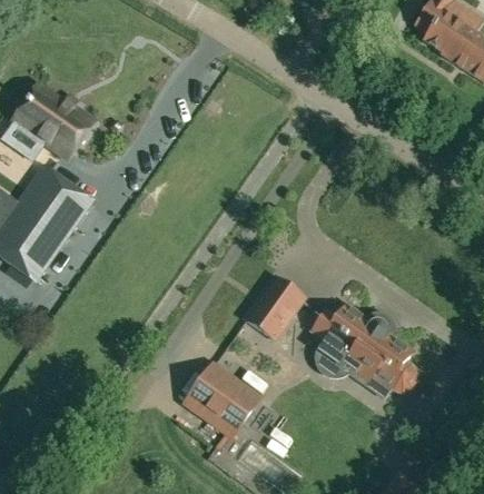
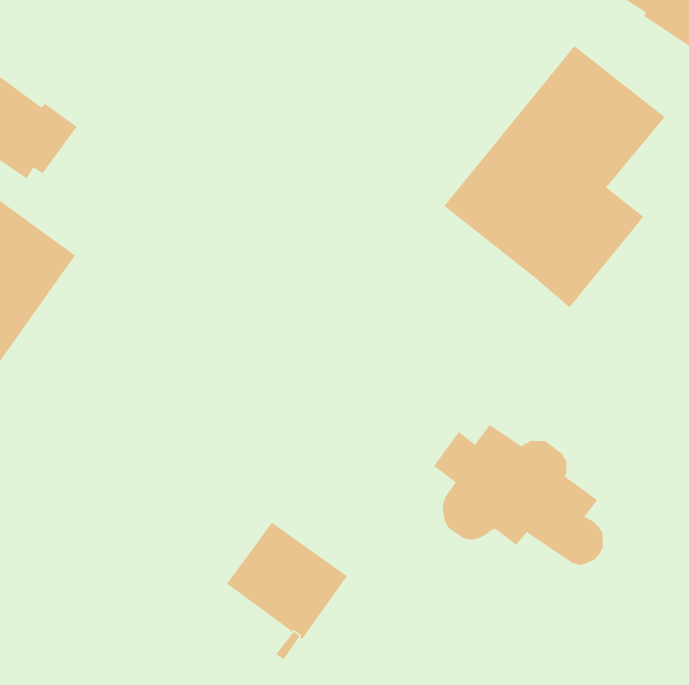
building: none -> [444,45,666,308]
building: [244,276,303,339] -> none

